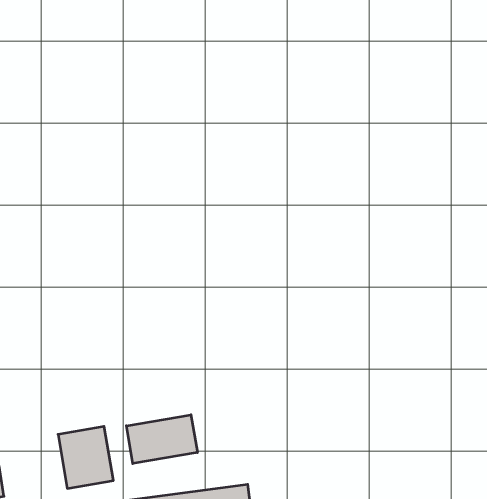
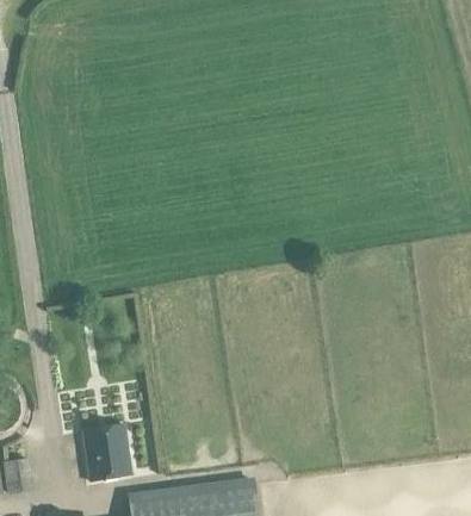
building: [126,415,197,464] -> none

